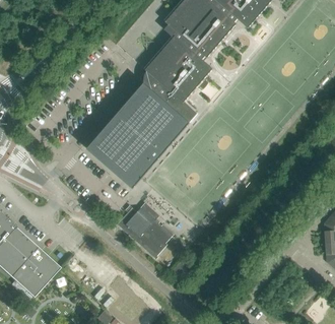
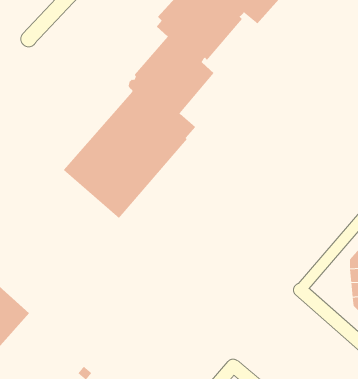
building: [117,202,174,259] -> none

